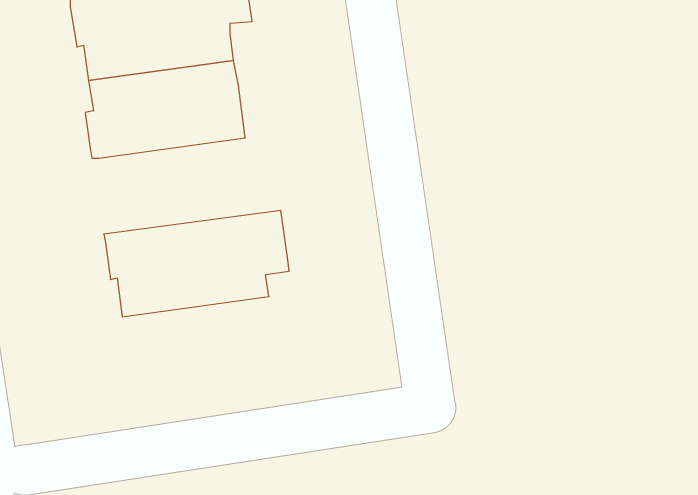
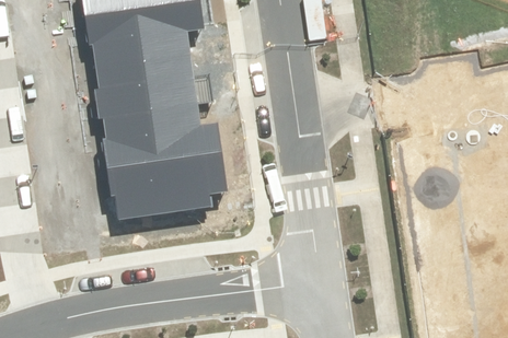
building: none -> [101,104,220,166]

